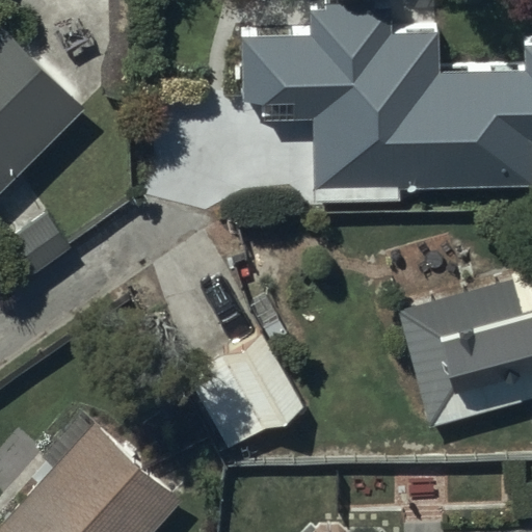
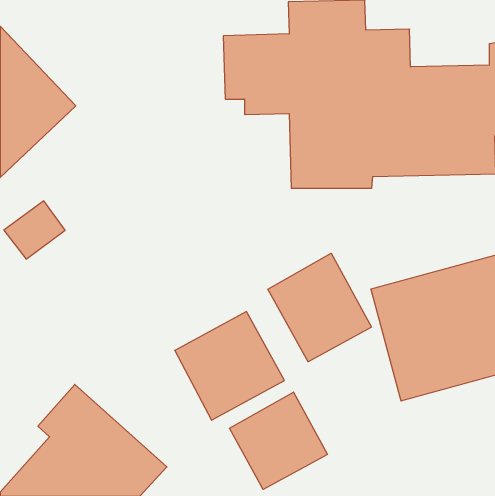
building: none -> [268,253,371,362]
building: none -> [229,392,327,489]

